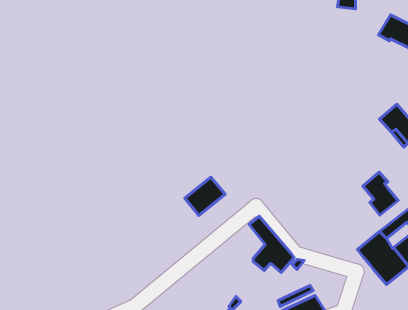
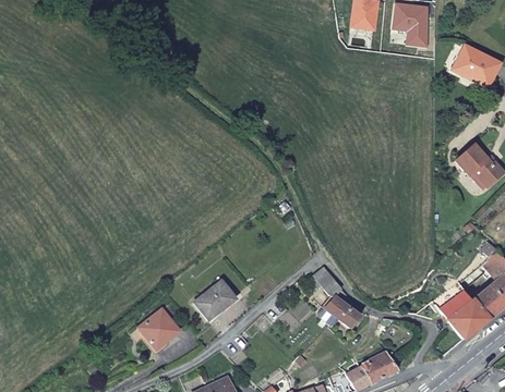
building: [363,172,398,215] -> none
building: [185,177,225,215] -> [195,277,239,318]
building: none -> [142,307,182,347]

